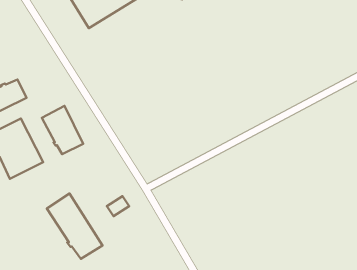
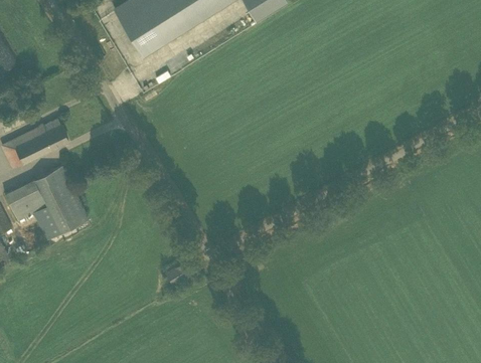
building: [42,106,83,154] -> none
building: [47,194,102,259] -> none

